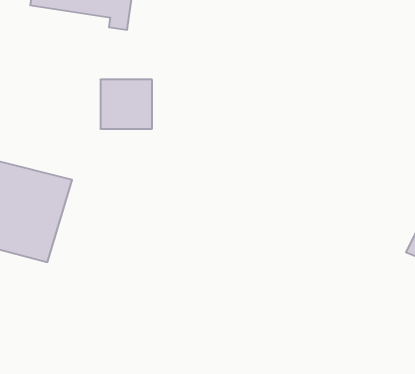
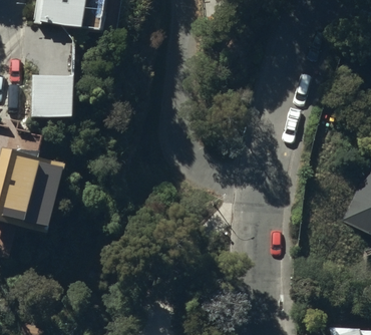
building: [100,80,152,129] -> [31,75,73,115]

